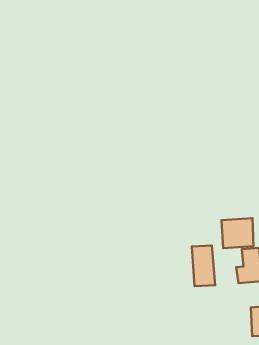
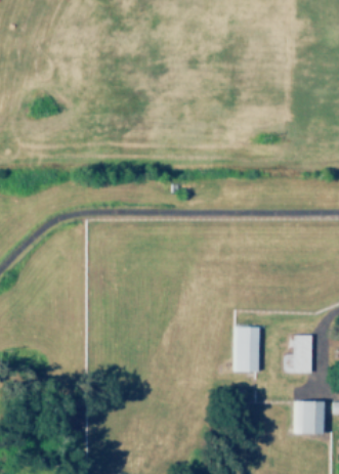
building: [221,218,254,248] -> none

